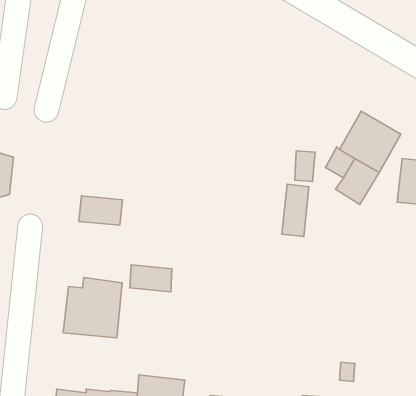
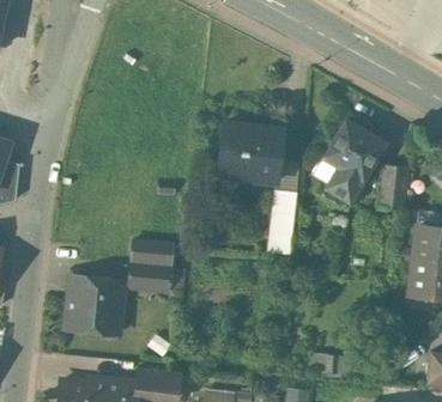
building: none -> [217,124,283,182]
building: [79,196,122,225] -> [129,242,170,269]

